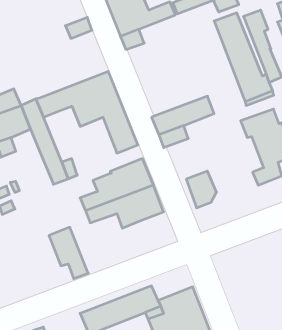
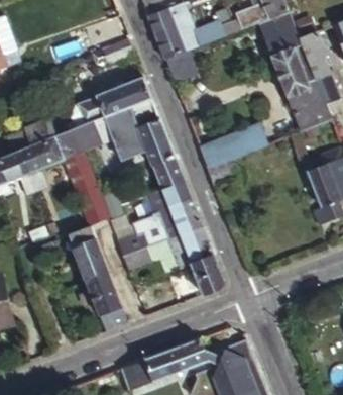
building: none -> [69,76,151,129]
building: [186,171,217,208] -> [189,255,222,295]
building: none -> [68,224,109,281]

